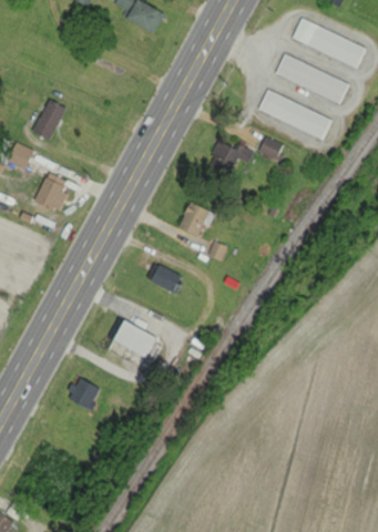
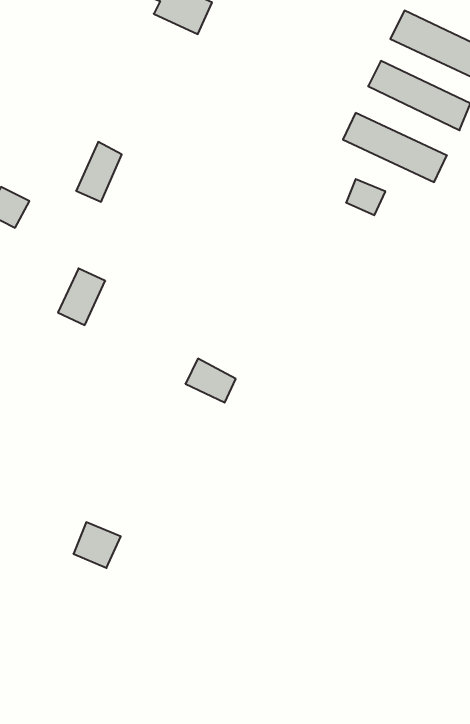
building: [33,99,65,141] -> [76,142,122,202]
building: [206,141,242,177] -> none
building: [34,172,68,212] -> [58,268,105,325]
building: [178,203,211,238] -> none
building: [108,320,157,366] -> none

